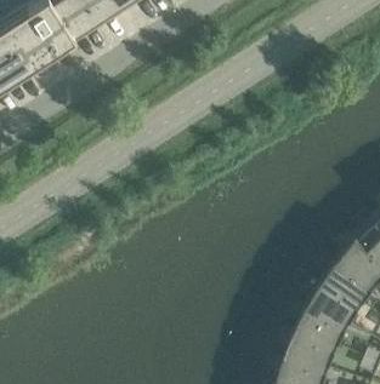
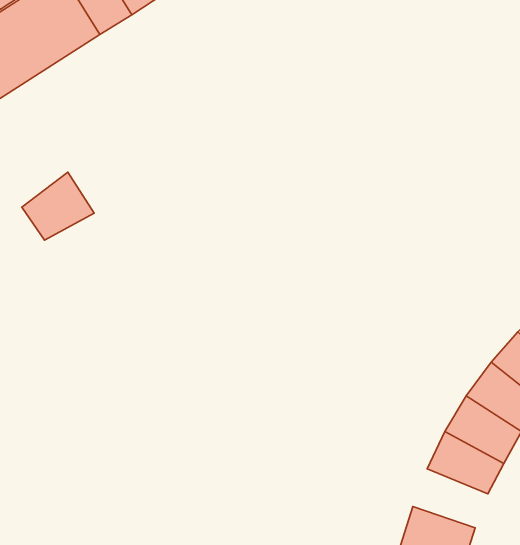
building: none -> [22,172,94,240]
building: [285,331,336,371] -> none

